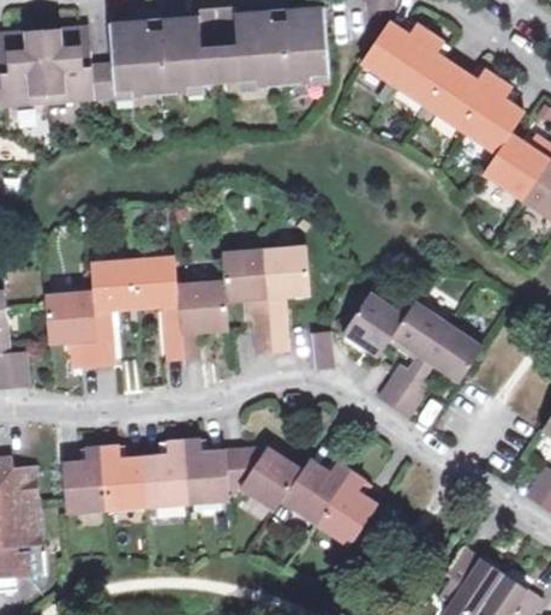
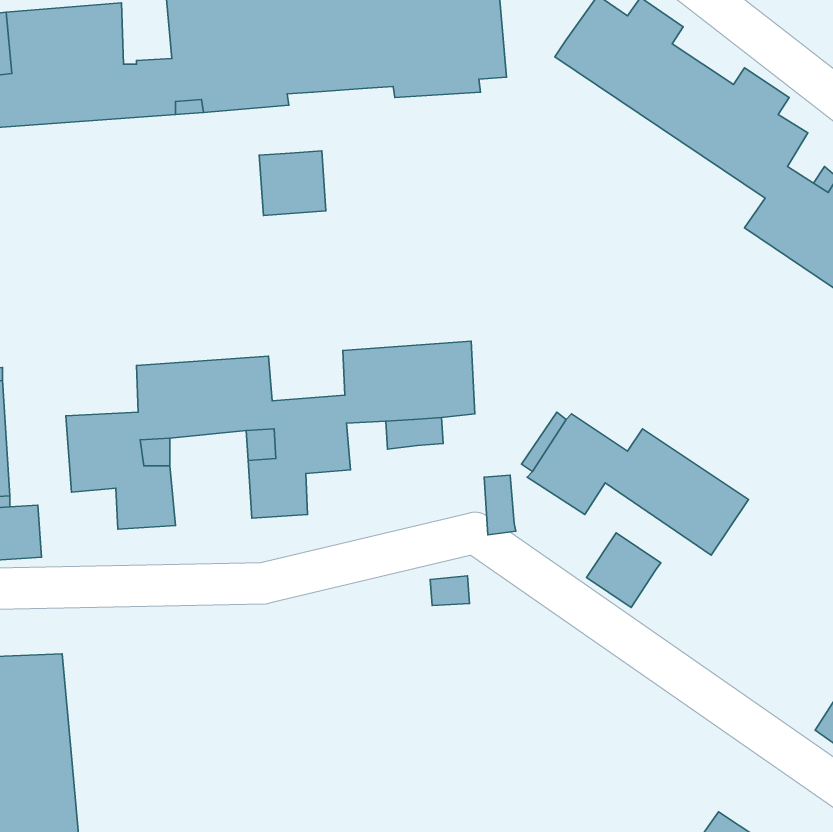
building: none -> [259,151,326,215]
building: [251,311,291,353] -> none
building: [61,441,377,544] -> none

